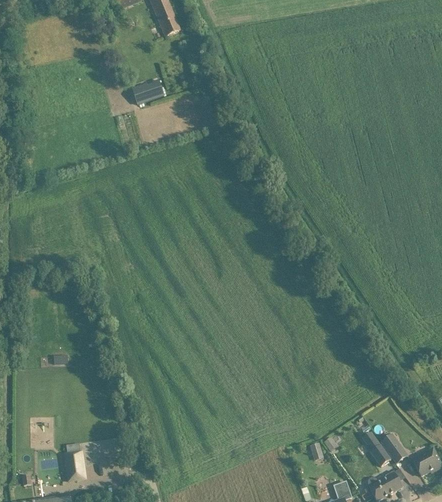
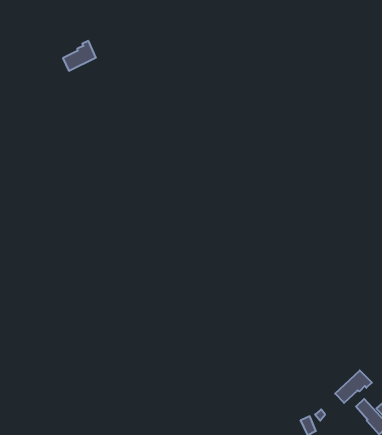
building: none -> [335,370,372,403]

